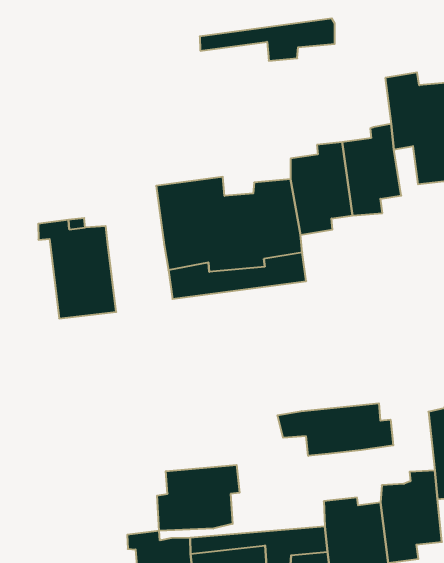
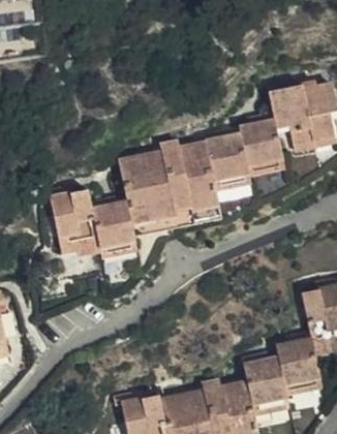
building: [200,18,335,61] -> [116,136,205,167]
building: none -> [88,202,136,255]
building: [277,403,393,456] -> none
building: [157,465,240,531] -> none

